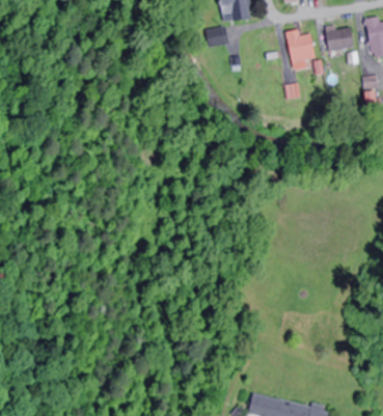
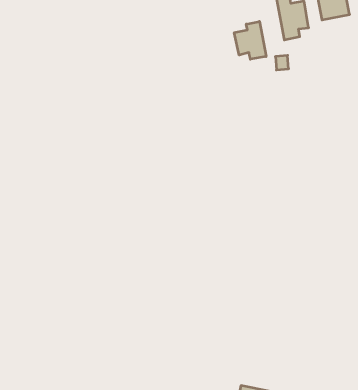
building: none -> [234,21,266,59]

